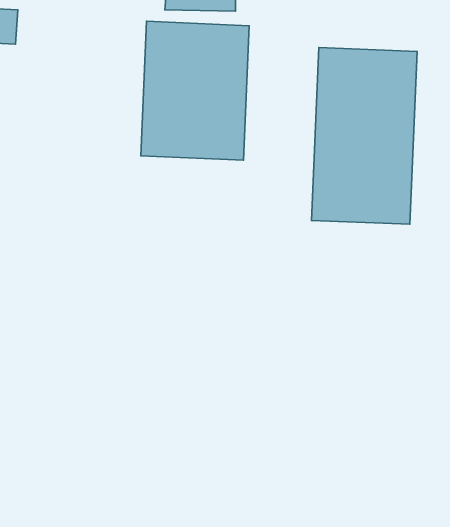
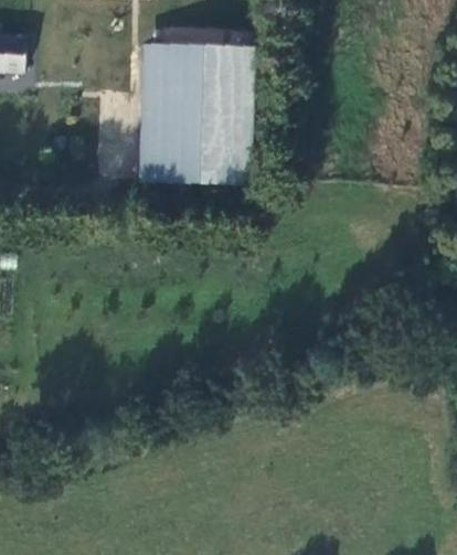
building: [312,47,417,224] -> none

